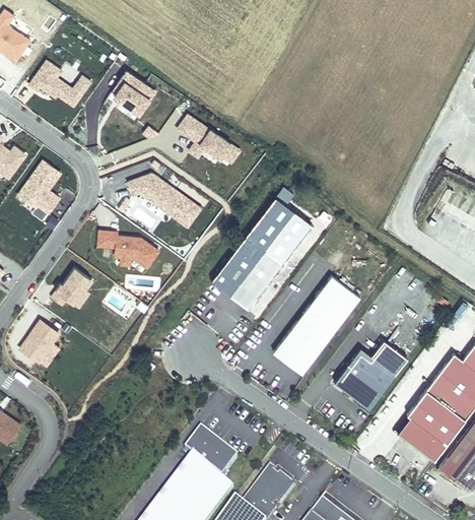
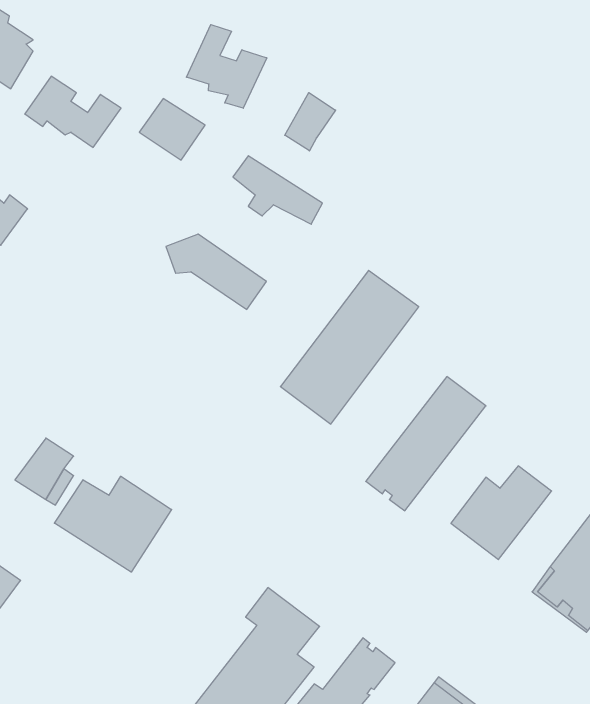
building: none -> [186,25,267,108]
building: none -> [285,93,336,151]
building: [17,160,62,215] -> none
building: [97,231,158,270] -> none
building: [57,270,91,307] -> none
building: none -> [54,476,172,572]

